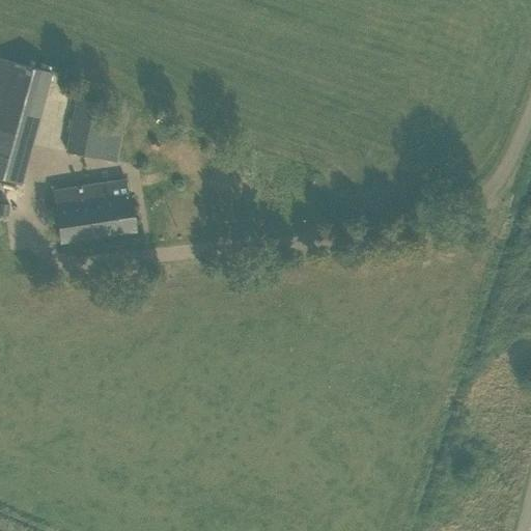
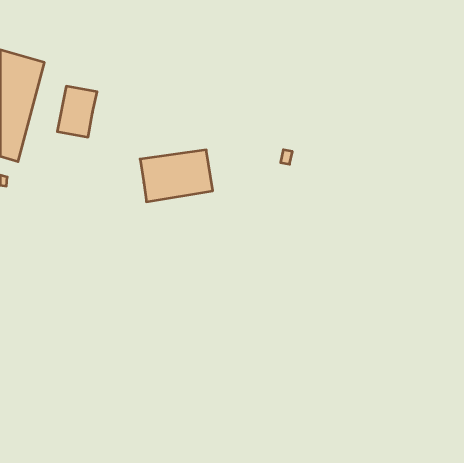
building: [51,183,134,242] -> [140,150,213,202]

